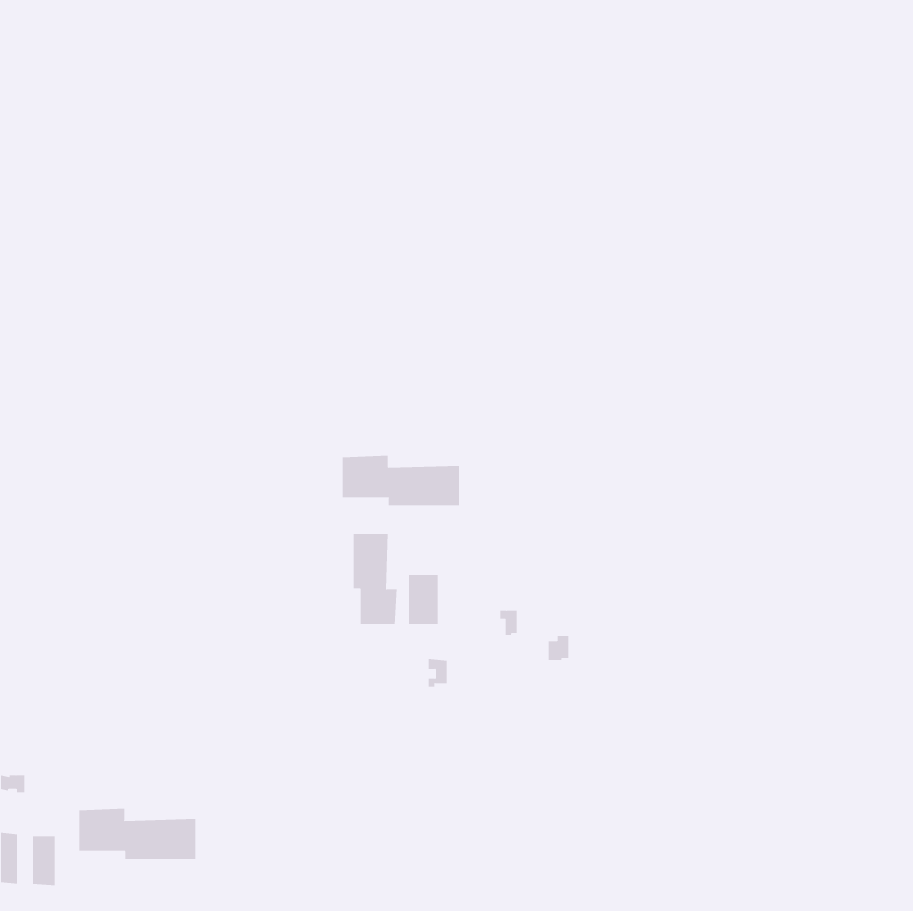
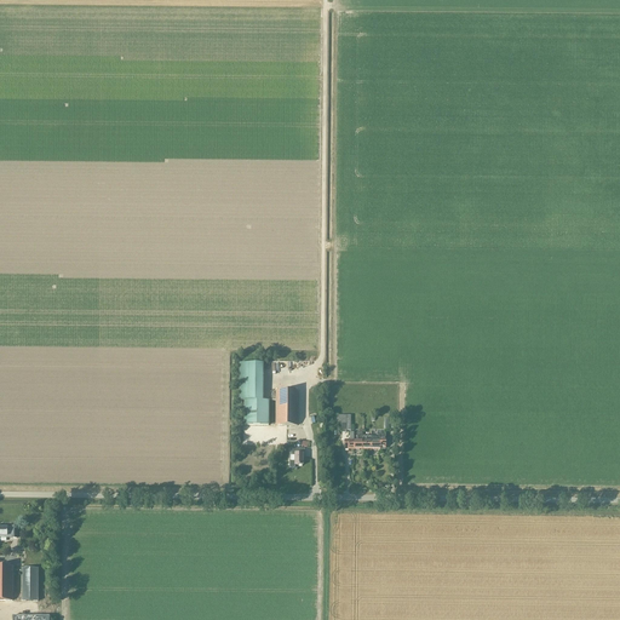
building: [342,455,460,506] -> none
building: [79,808,196,860] -> none

